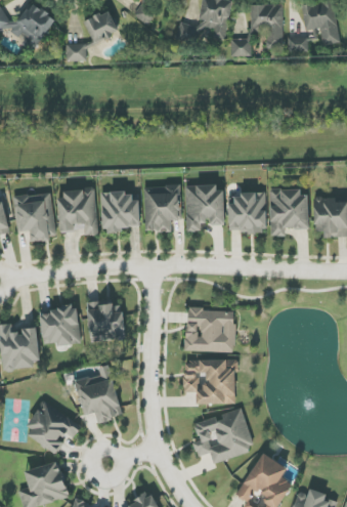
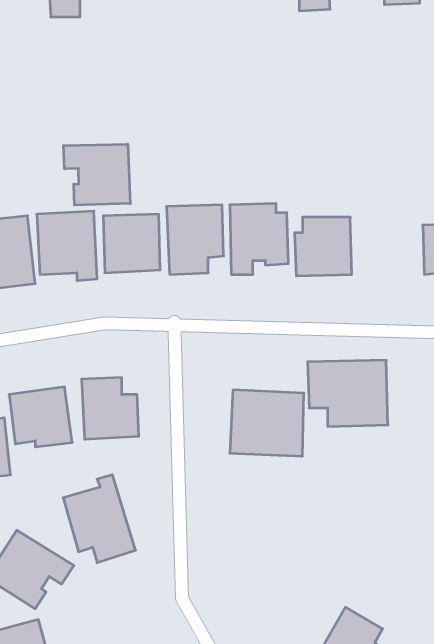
building: none -> [63,144,130,205]
building: [269,189,308,235] -> none
building: [183,358,236,403] -> [308,360,388,426]
building: [192,408,255,461] -> none

